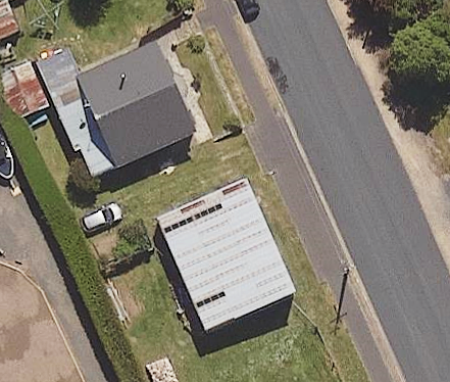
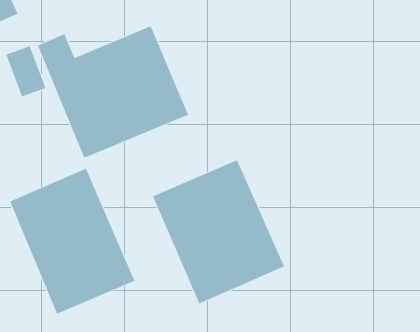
building: none -> [9,168,135,314]

